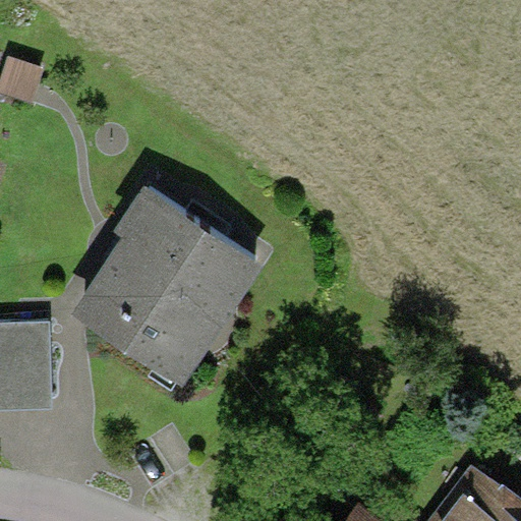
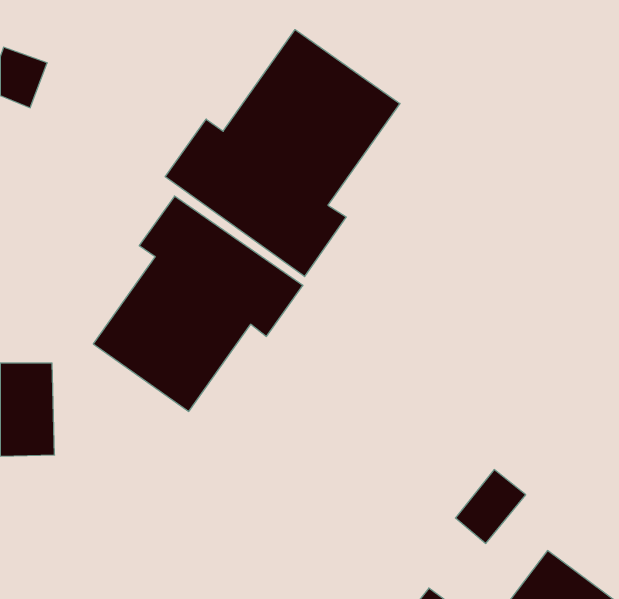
building: none -> [165,30,400,277]

